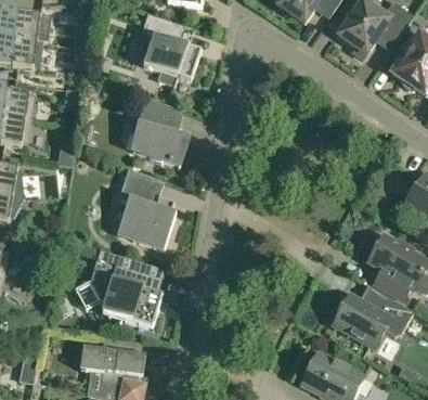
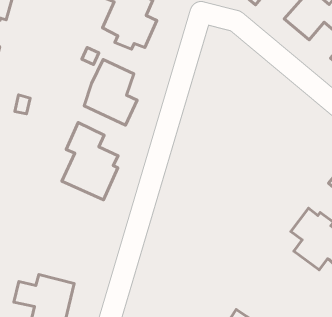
building: [90,248,164,327] -> none
building: [333,294,412,345] -> none

